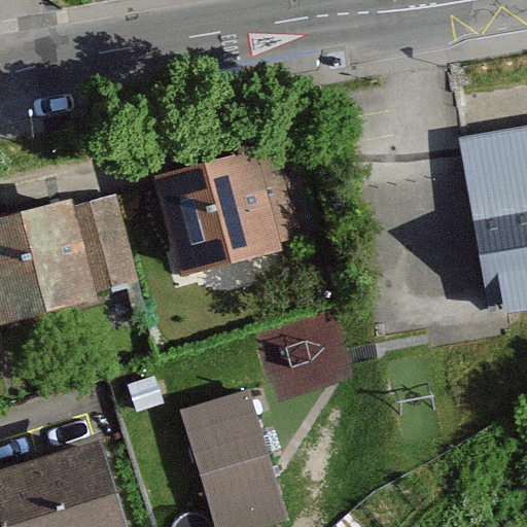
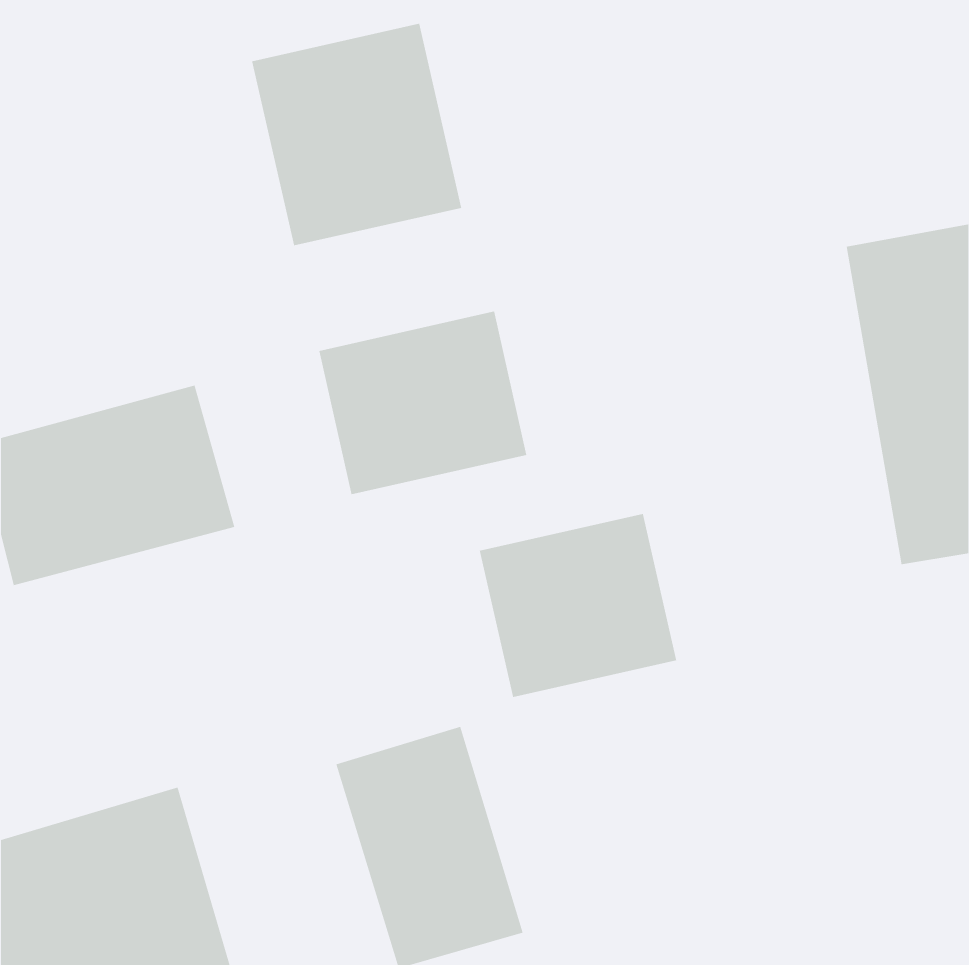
building: none -> [252,23,462,246]
building: none -> [479,513,677,698]

